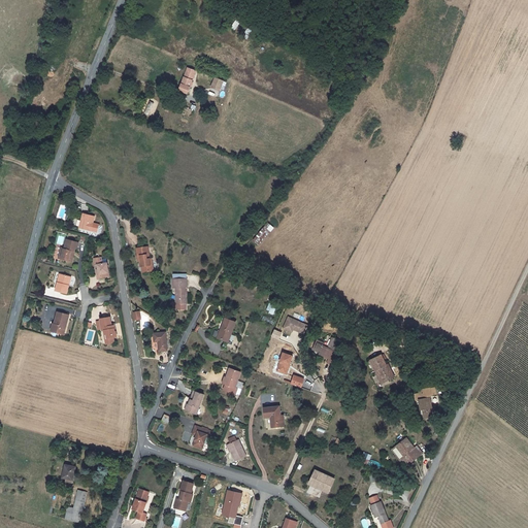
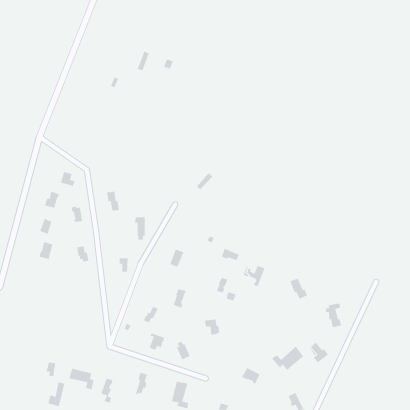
building: none -> [271,346,304,371]
building: none -> [69,368,94,390]

